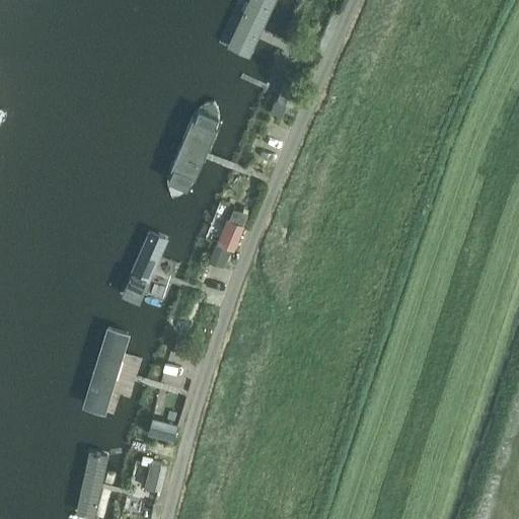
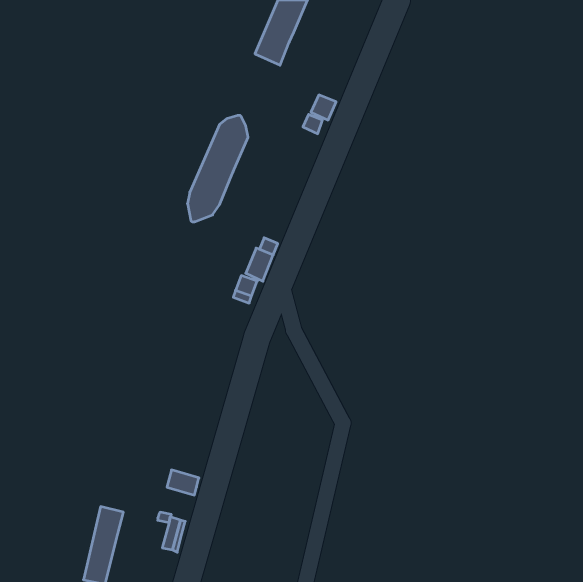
building: [120,234,167,308] -> none
building: [81,325,130,414] -> none

